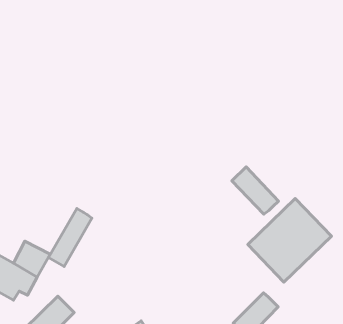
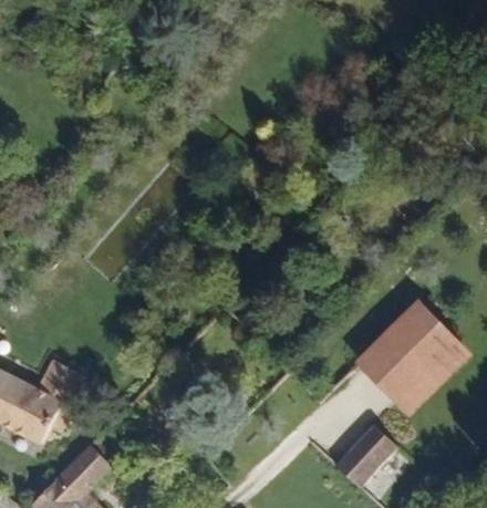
building: [232,167,278,214] -> none
building: [48,209,92,267] -> none

